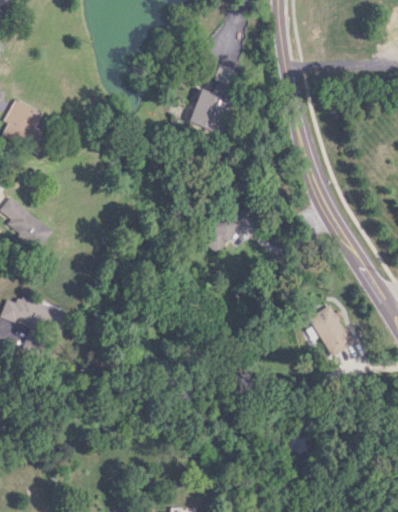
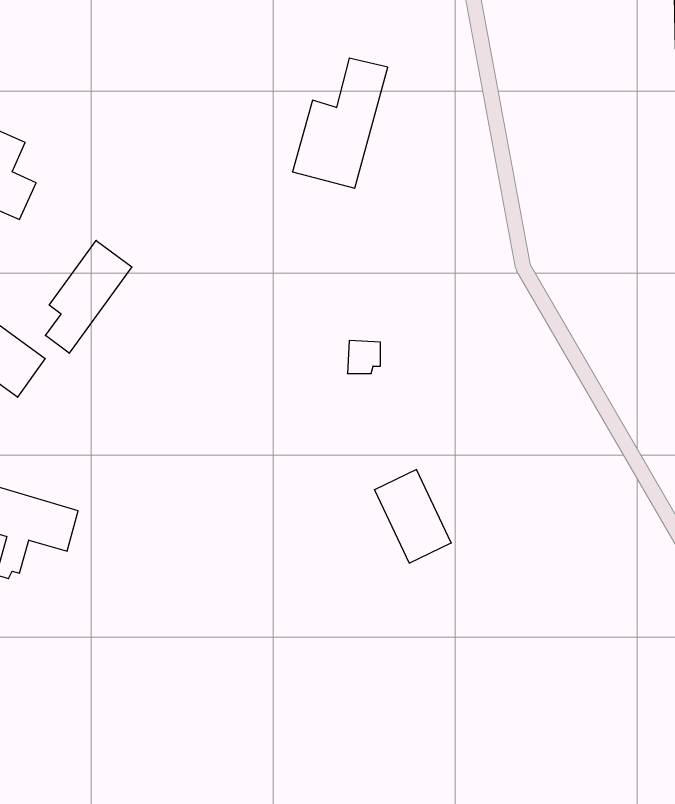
building: none -> [45,240,132,353]
building: [310,304,352,355] -> [374,470,451,563]

